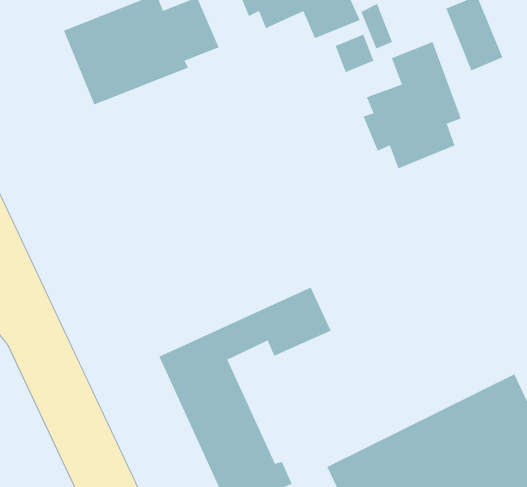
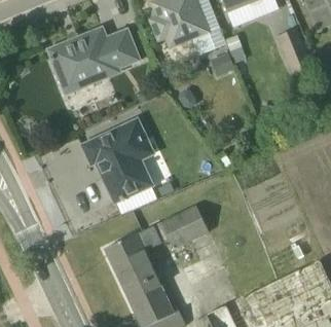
building: [363,41,462,169] -> none
building: none -> [81,118,154,205]

